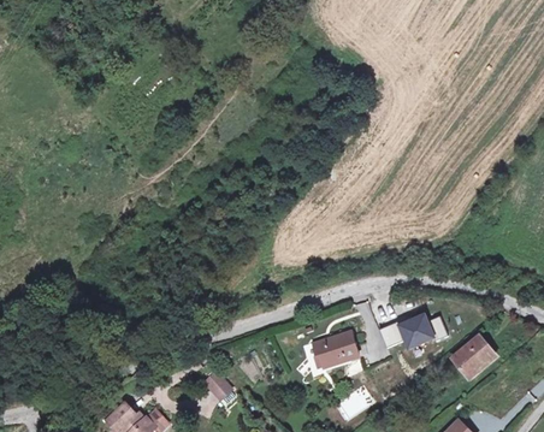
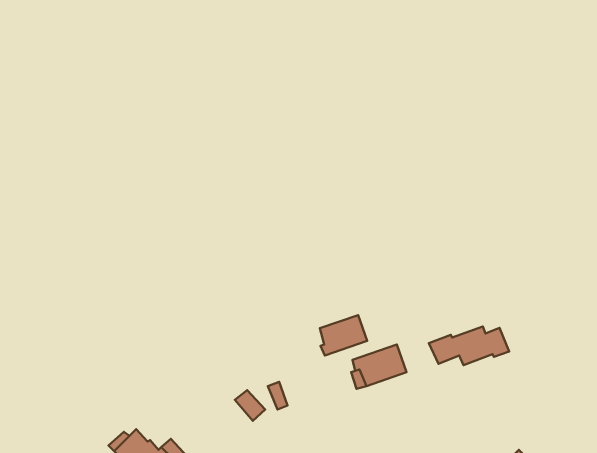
building: none -> [320,315,367,356]
building: [447,338,491,381] -> none

